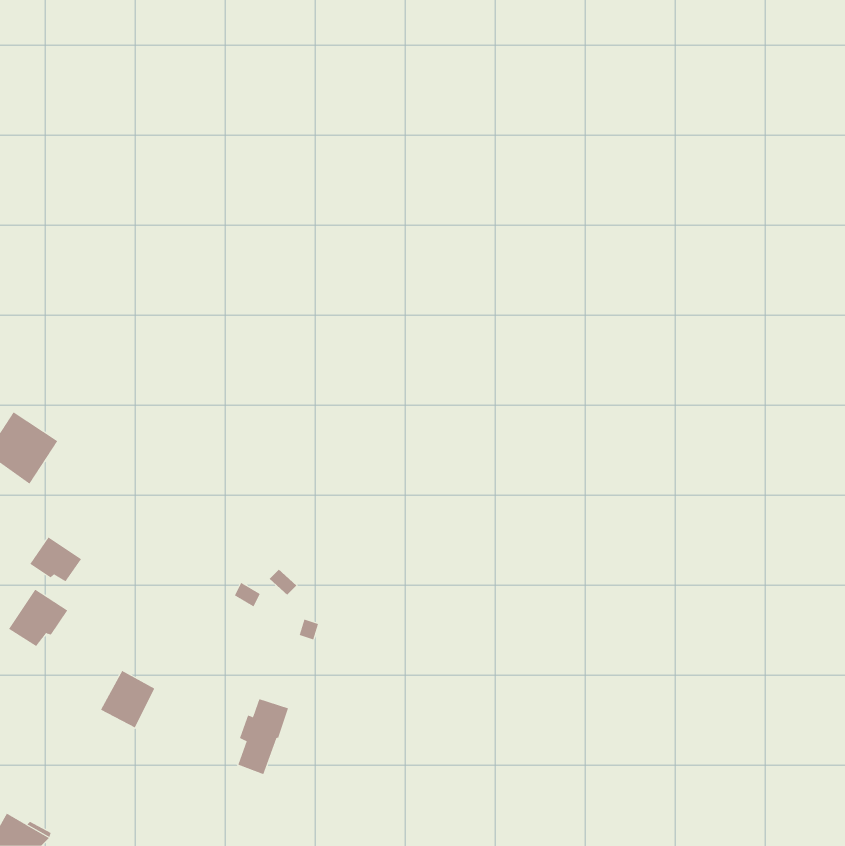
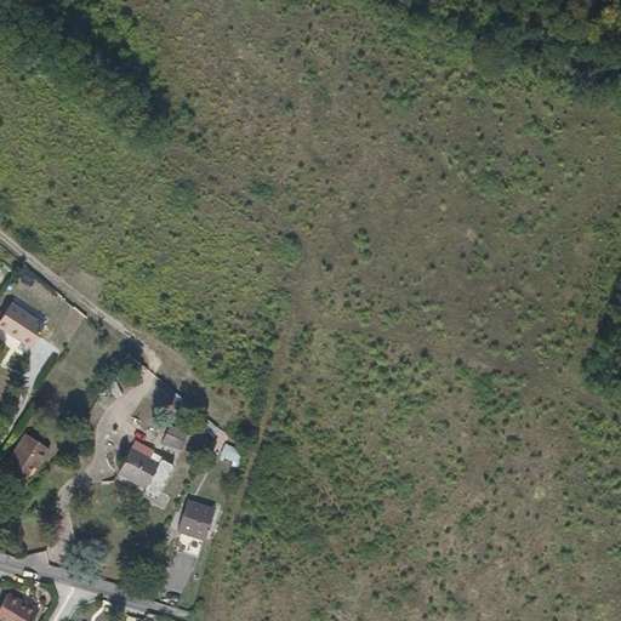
building: [30,537,82,582] -> none
building: [100,670,155,728] -> [123,441,163,484]

